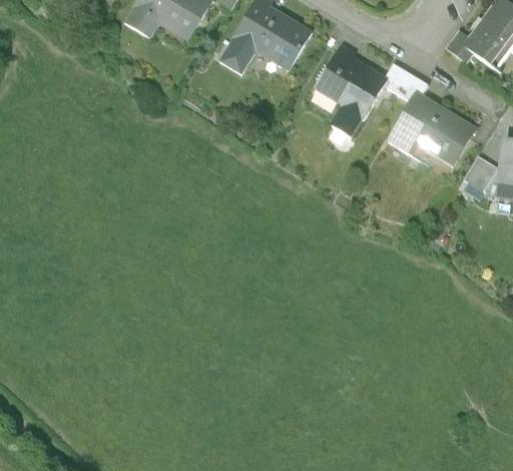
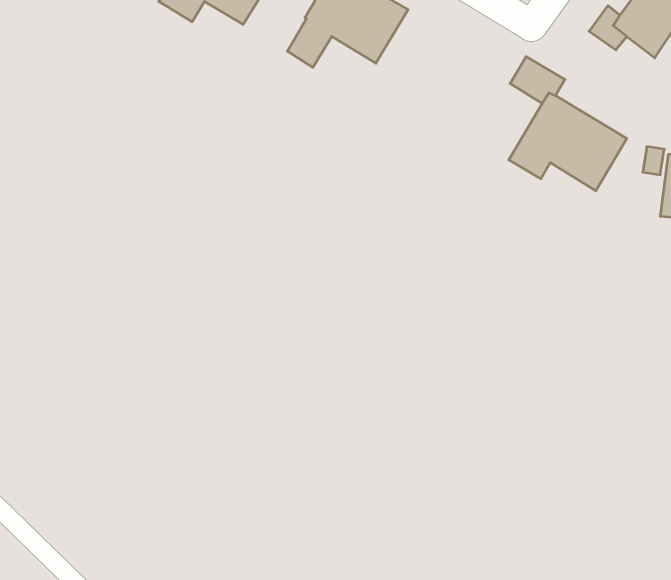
building: [317,44,386,136] -> none
building: [464,153,499,190] -> none

